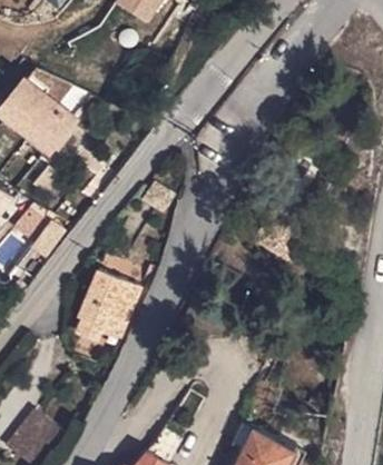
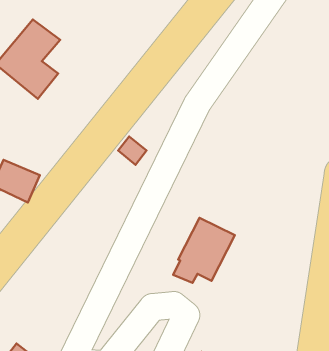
building: [76,270,144,342] -> [173,218,235,283]

